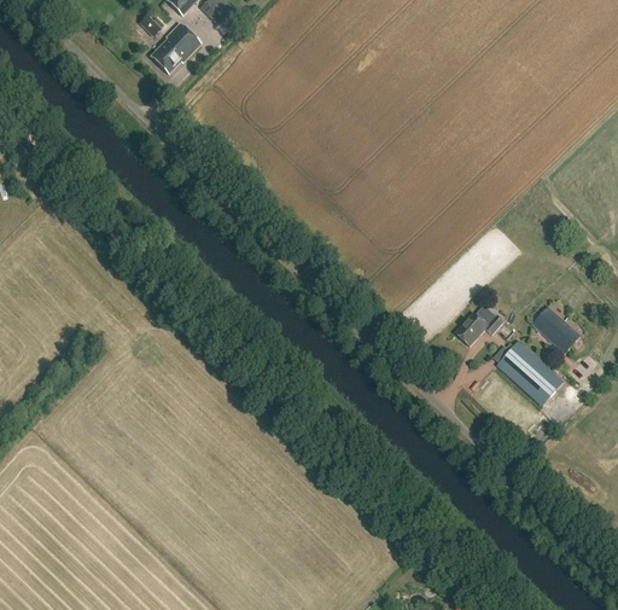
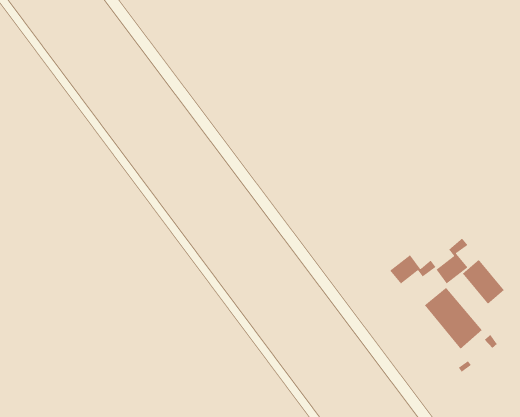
building: none -> [435,238,468,284]

